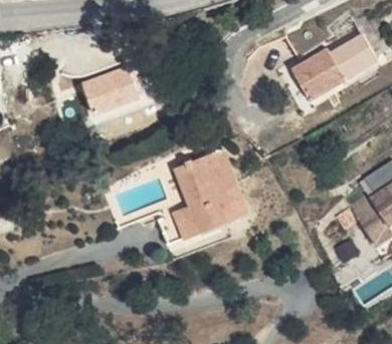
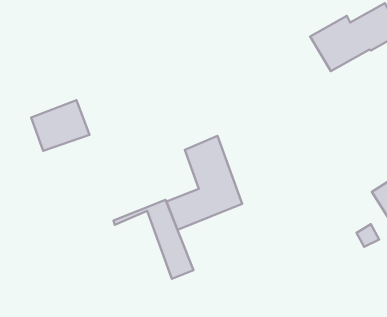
building: [82,67,137,114] -> [31,100,90,151]
building: [174,148,248,222] -> [114,200,194,279]

